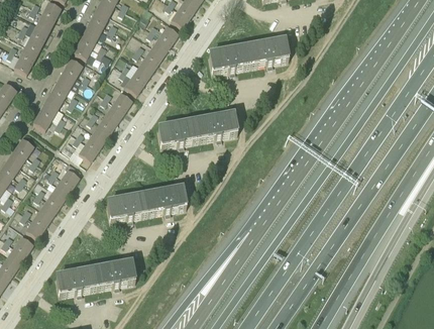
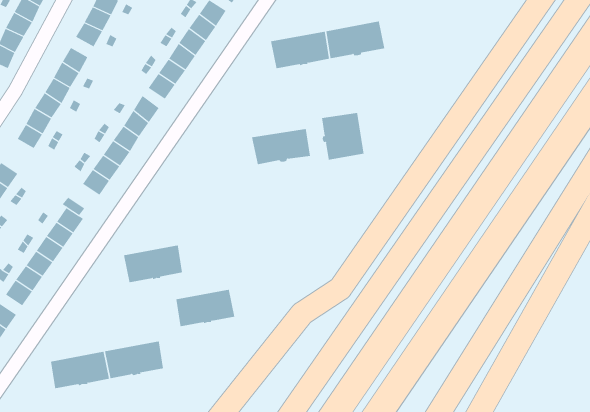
building: none -> [321,112,364,161]
building: [158,119,200,145] -> none
building: [145,187,187,213] -> [176,289,235,327]

